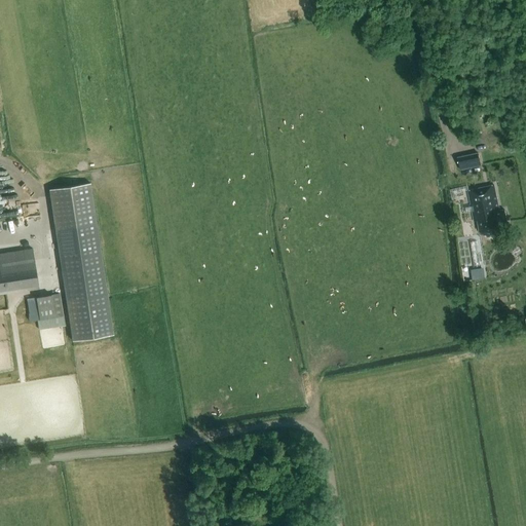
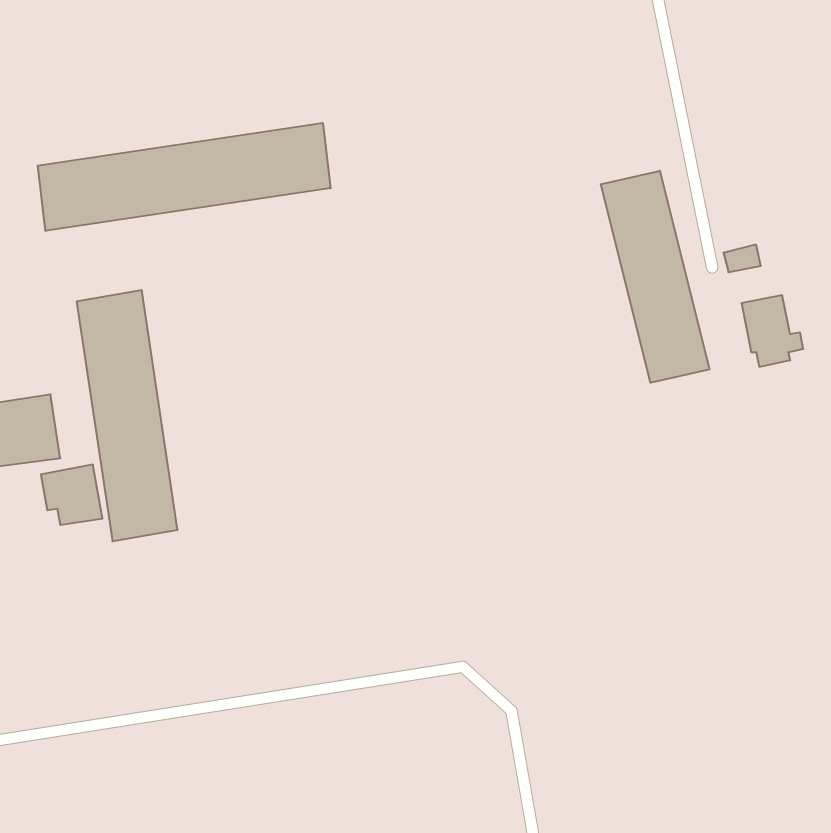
building: none -> [38,123,331,231]
building: none -> [601,171,710,383]

